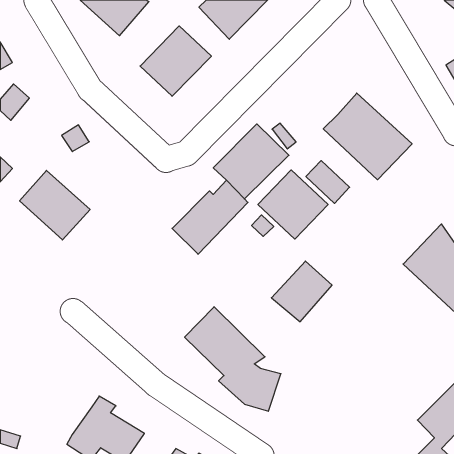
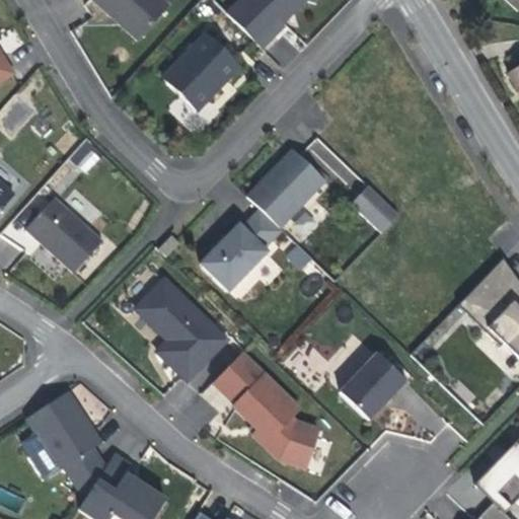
building: [323,93,412,180] -> none
building: [258,170,328,239] -> none
building: none -> [135,277,228,380]
building: [271,261,332,322] -> [340,349,409,418]
building: none -> [25,389,106,496]

